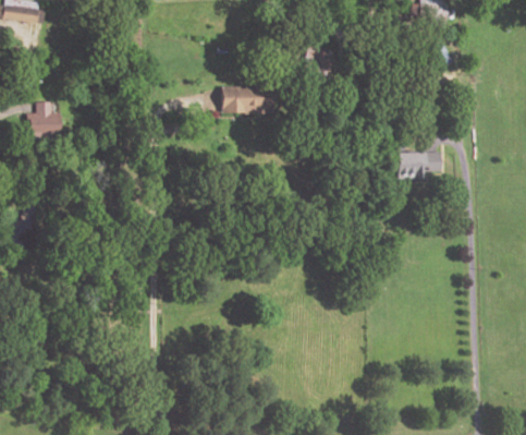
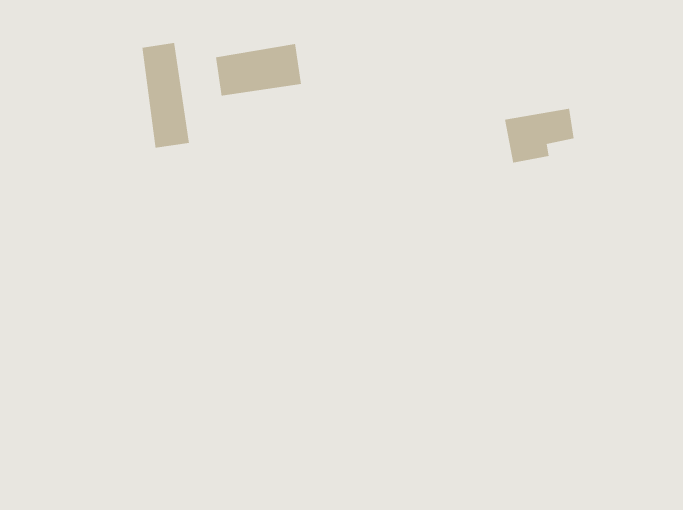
building: none -> [142,42,190,148]

